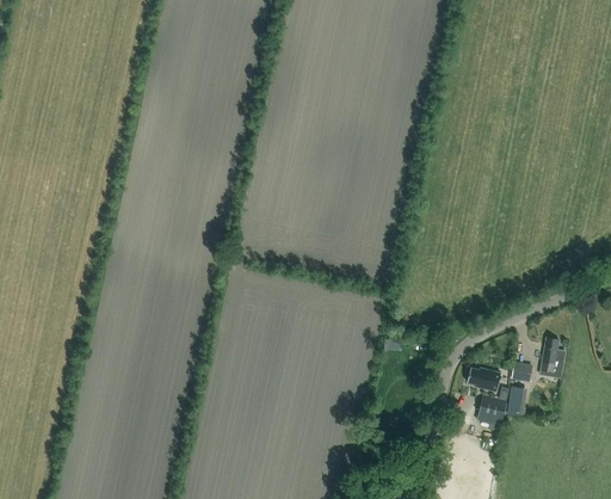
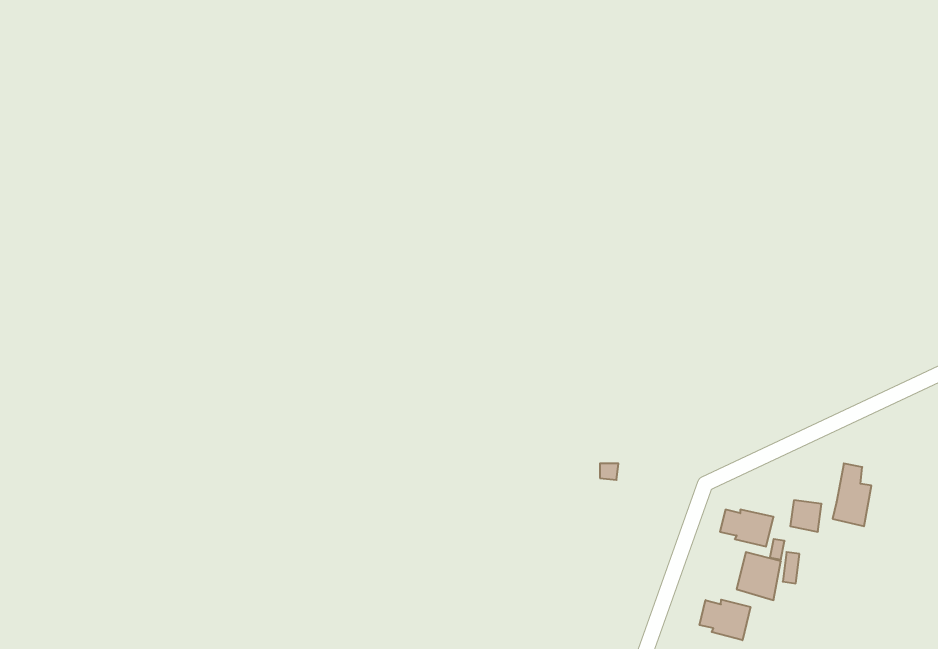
building: none -> [700,600,750,640]

